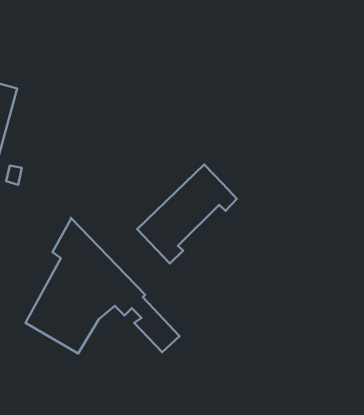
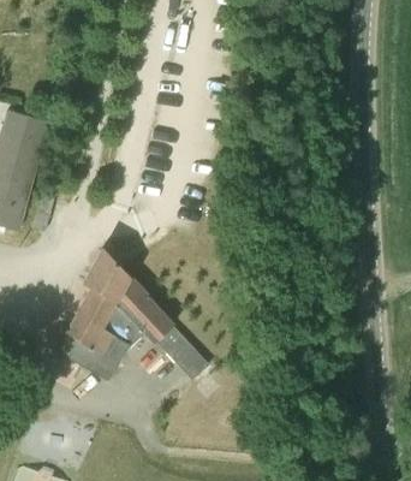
building: [137,164,237,263] -> none

